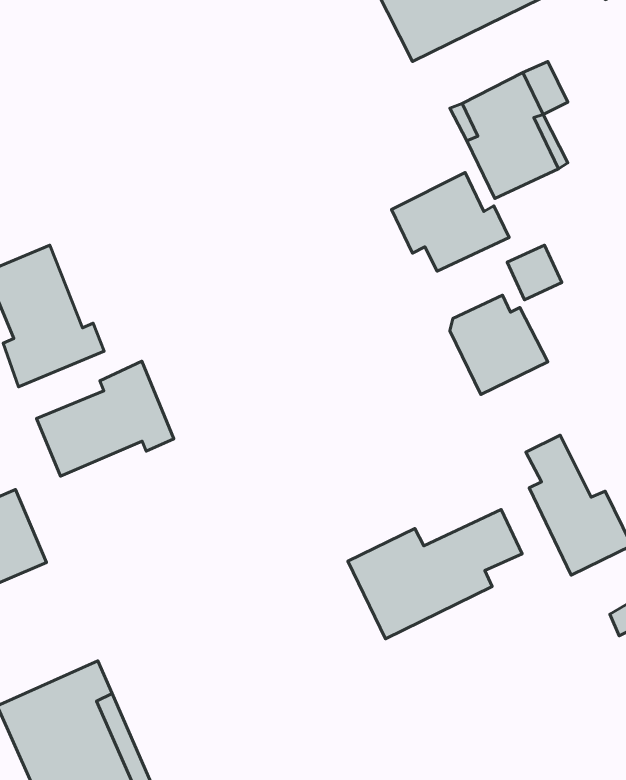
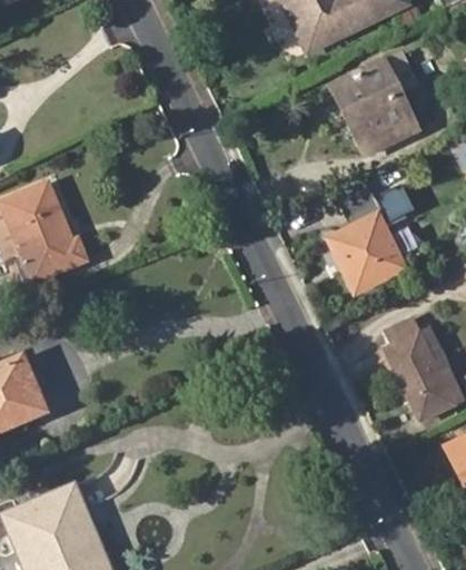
building: [392,173,509,271] -> none
building: [37,361,174,476] -> none
building: [348,509,522,639] -> none

